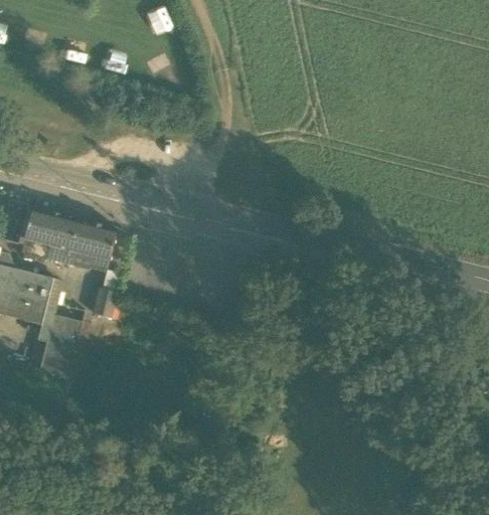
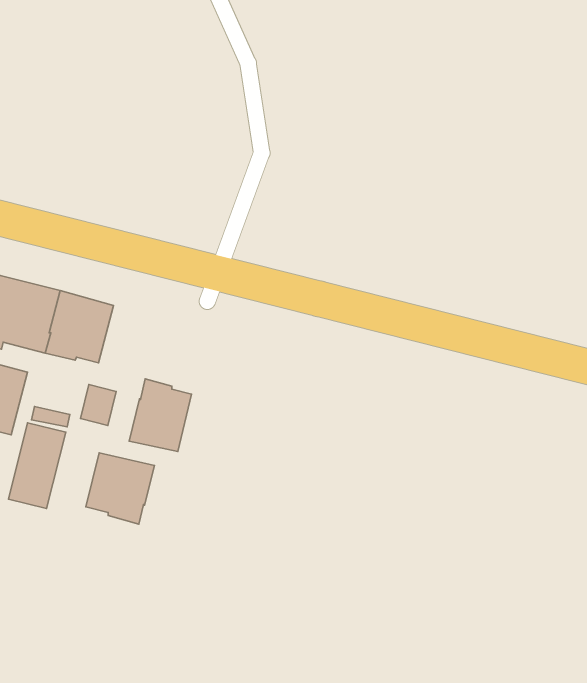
building: none -> [129,379,191,451]
building: none -> [86,453,155,524]

